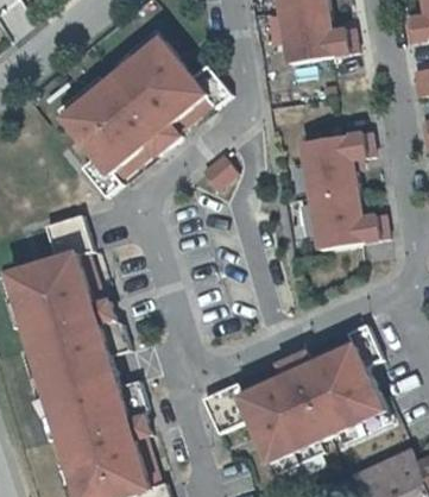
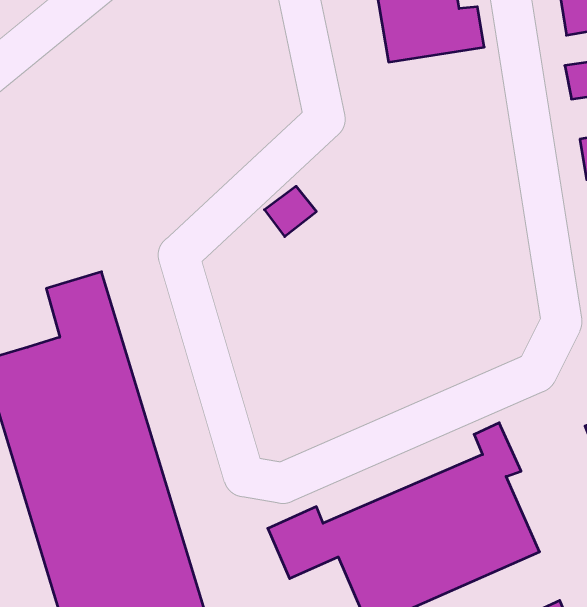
building: [65,31,229,194] -> none
building: [301,128,387,251] -> none

